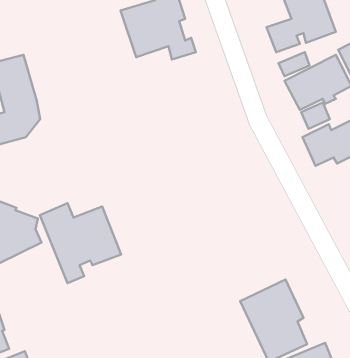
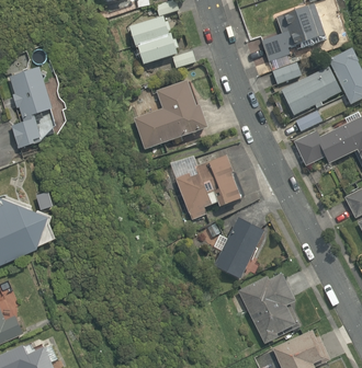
building: none -> [131,76,206,151]
building: [40,203,121,283] -> [168,150,242,223]
building: none -> [214,215,264,279]

